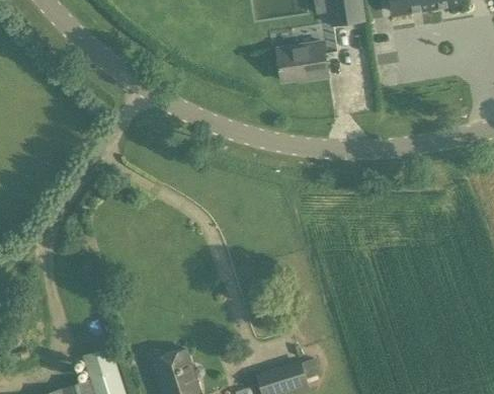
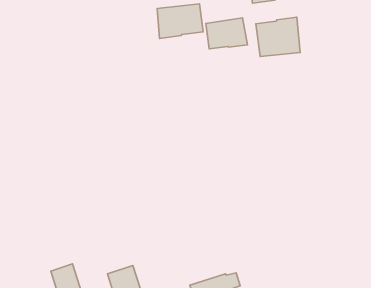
building: none -> [157,4,203,38]
building: none -> [256,17,300,57]

